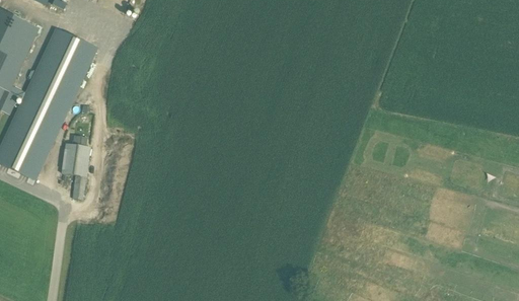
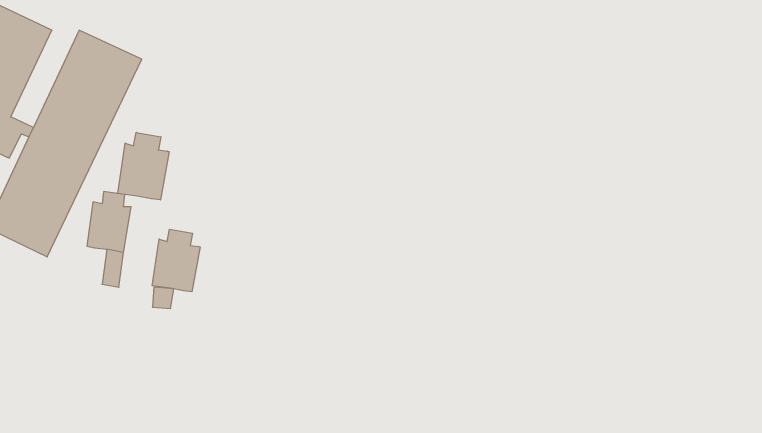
building: none -> [118,132,169,200]
building: none -> [152,229,200,292]

